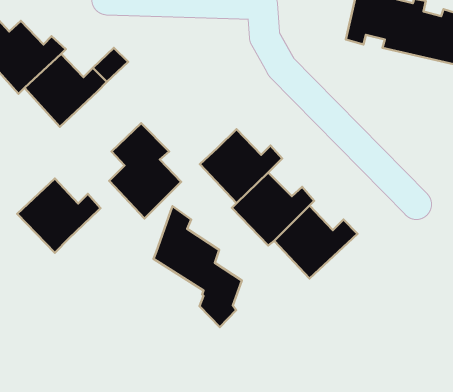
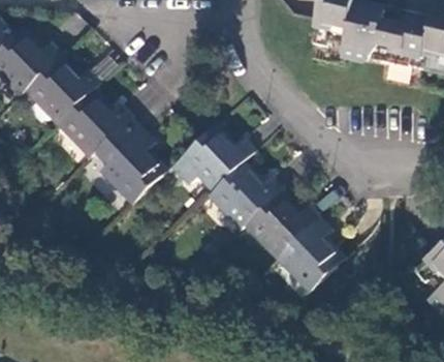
building: [17,179,101,253] -> [58,91,131,156]
building: [153,206,242,327] -> none
building: none -> [277,216,342,290]

